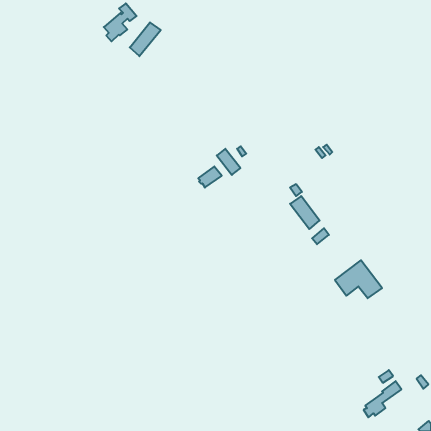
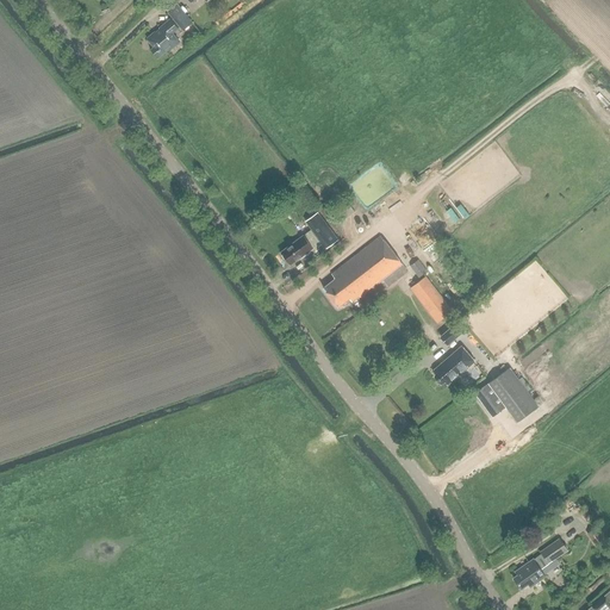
building: [130,22,161,56] -> none
building: none -> [323,236,407,306]
building: none -> [436,347,473,382]

